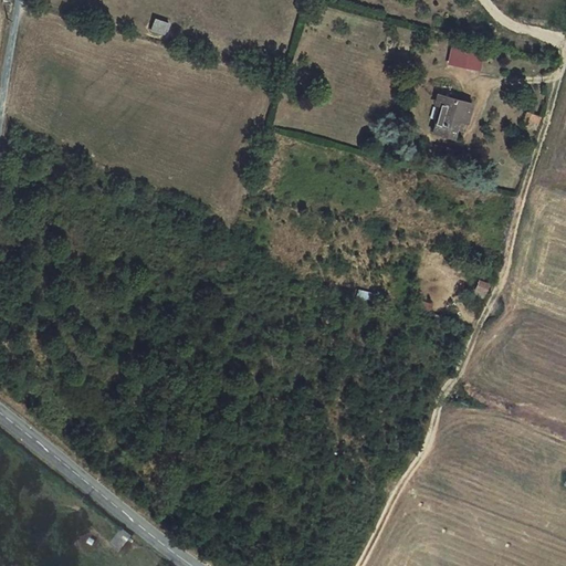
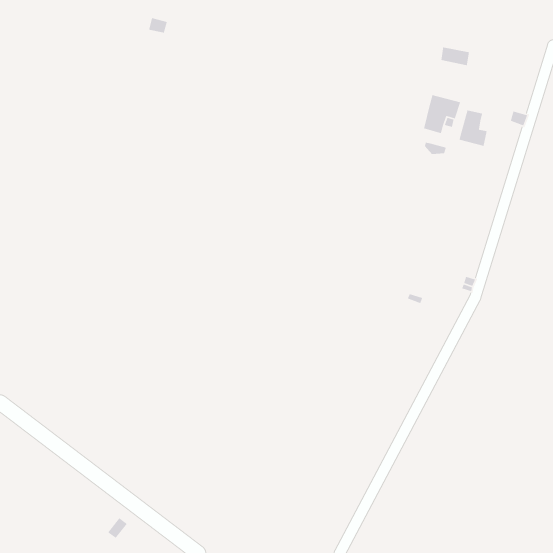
building: none -> [459,110,487,147]

